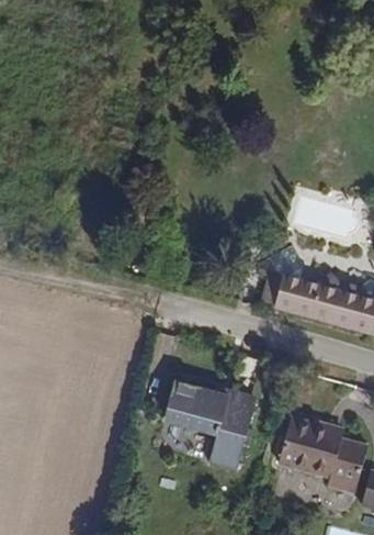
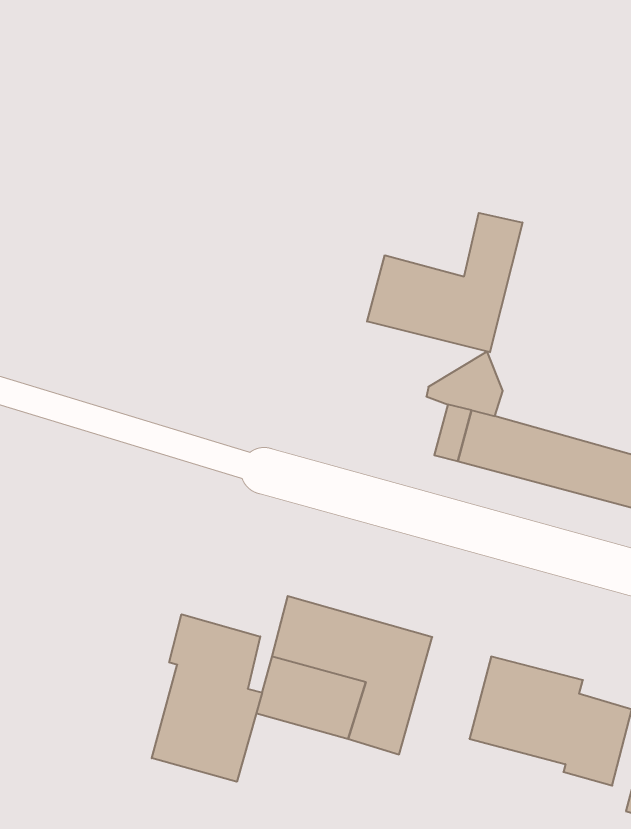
building: none -> [367,213,522,352]
building: none -> [152,614,262,782]

